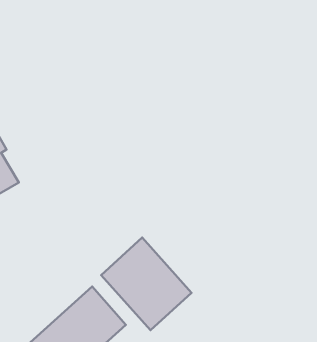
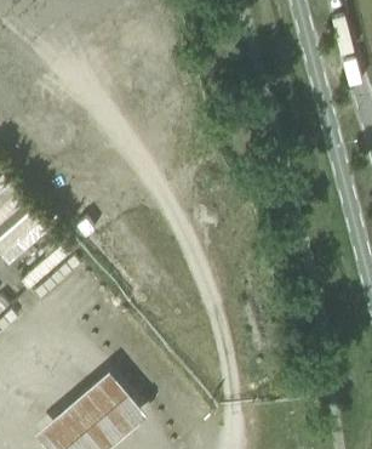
building: [101,238,192,330] -> none

